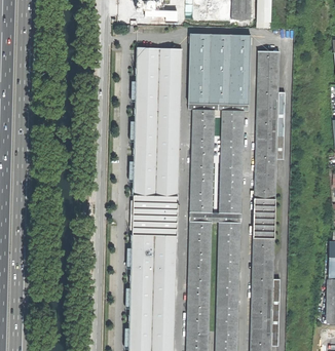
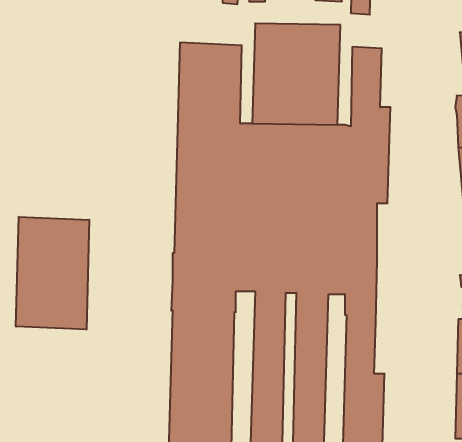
building: none -> [16,217,89,330]

